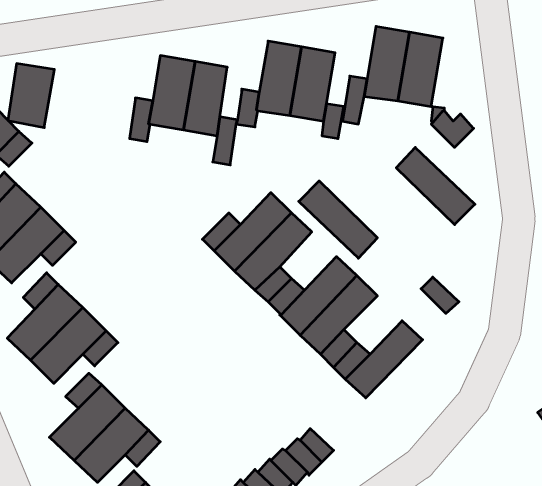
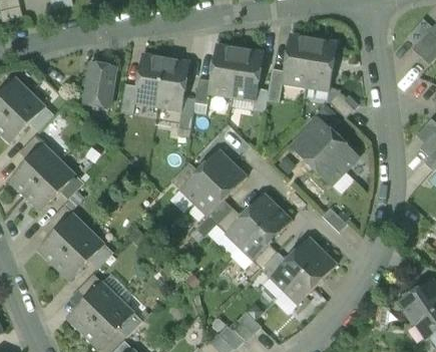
building: [8,64,54,128] -> [83,62,115,106]
building: [299,181,377,258] -> [290,131,344,185]
building: none -> [283,250,336,304]

